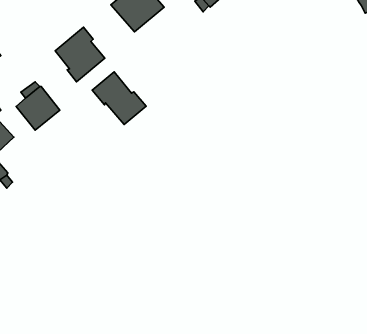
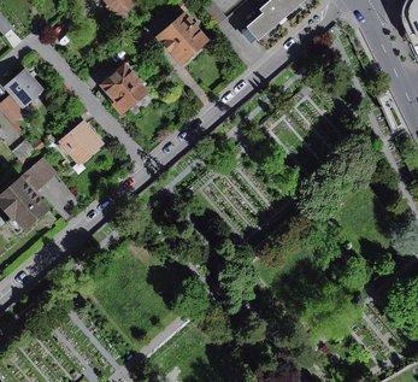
building: [92,72,146,125] -> none

